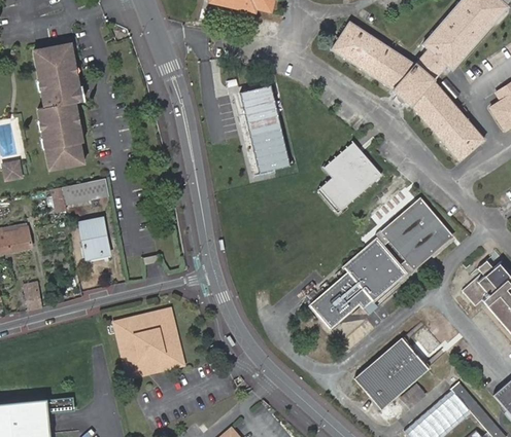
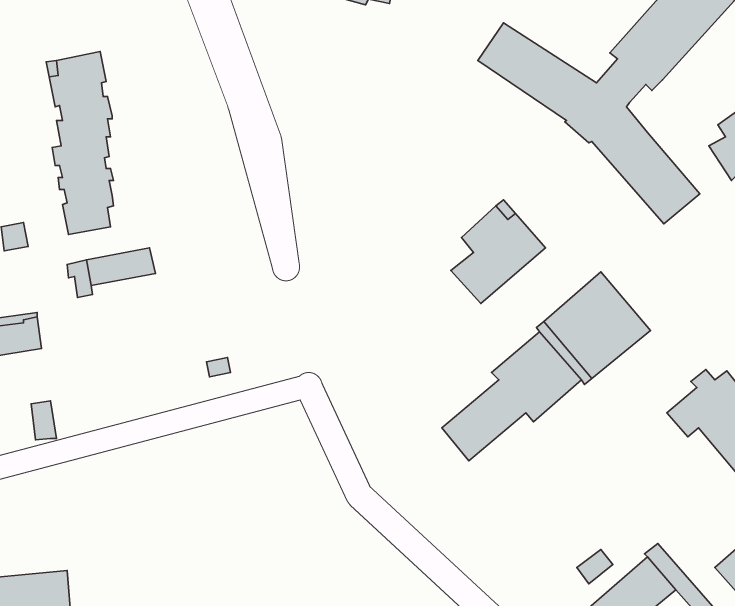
building: [240,83,292,173] -> none
building: [81,218,110,257] -> none
building: [117,313,179,374] -> none
building: [352,336,425,406] -> none

